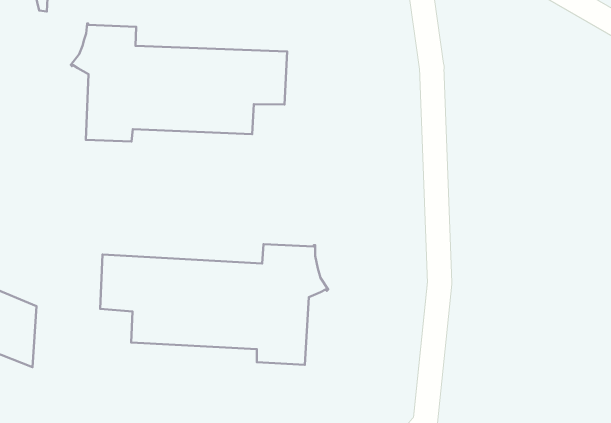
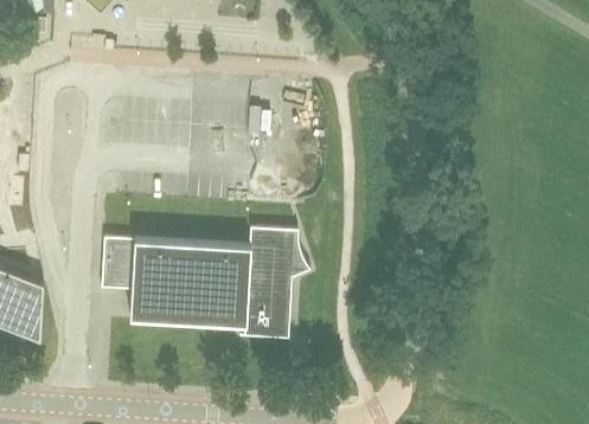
building: [71,23,287,142] -> none

